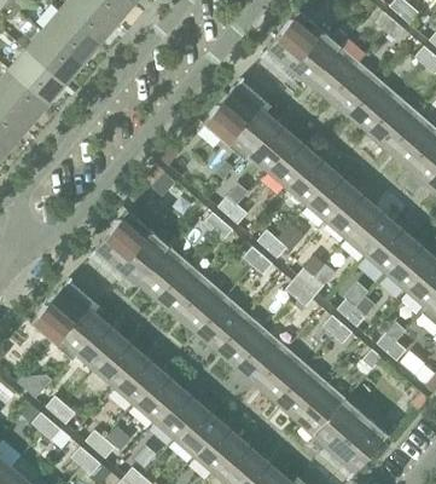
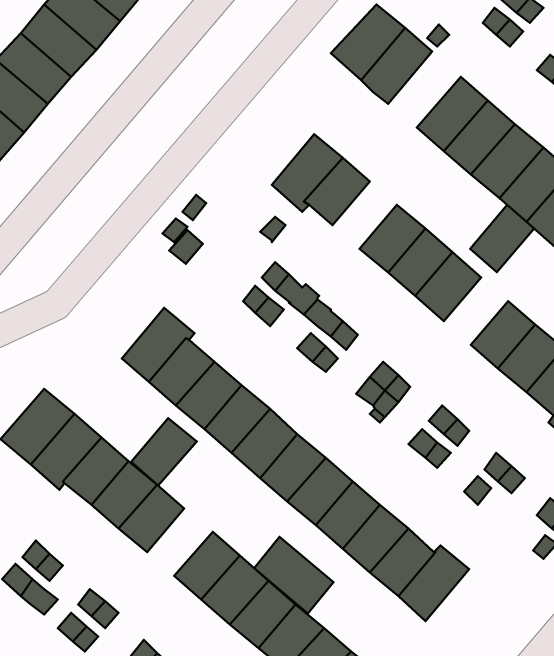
building: [308,44,360,98] -> none
building: [205,85,255,139] -> none
building: [268,137,314,185] -> none
building: [348,206,394,254] -> [470,205,534,272]
building: [95,209,147,264] -> none
building: [135,371,182,420] -> [131,418,197,485]
building: none -> [254,537,333,614]
building: [335,415,386,469] -> none

